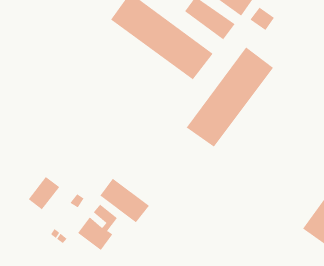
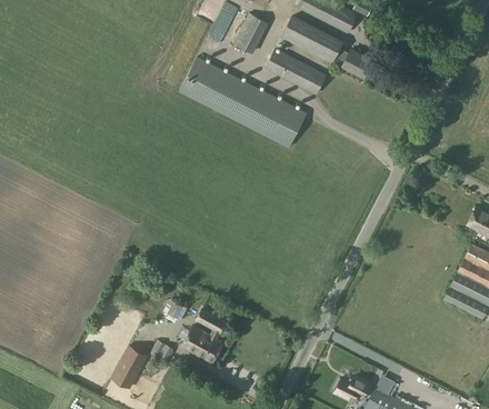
building: [186,46,274,148] -> none
building: [28,176,60,210] -> [112,346,148,386]
building: [99,178,150,223] -> none

